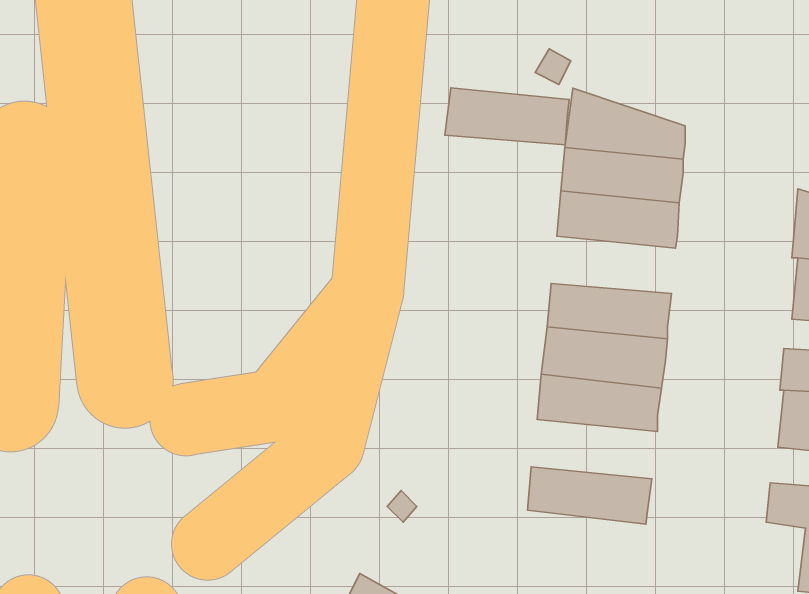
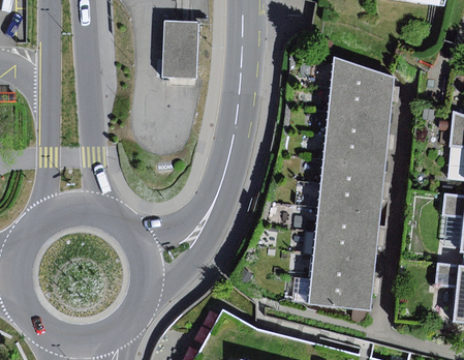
building: none -> [161,22,199,76]
building: [445,88,569,145] -> [322,136,388,166]
building: none -> [312,232,378,263]
building: none -> [307,279,372,311]

